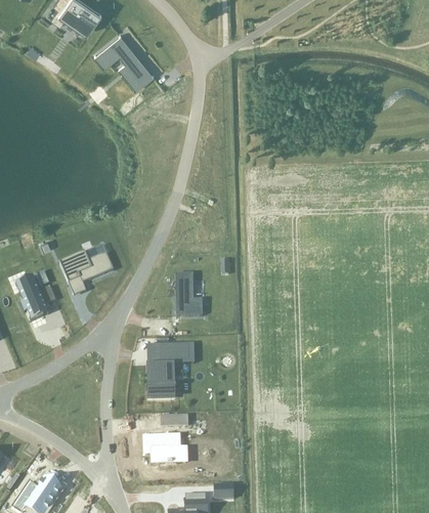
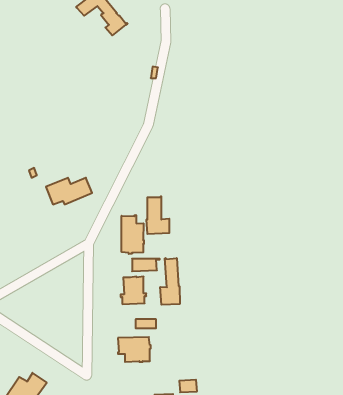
building: [20,275,49,320] -> none
building: none -> [122,215,144,254]
building: none -> [160,258,180,305]

